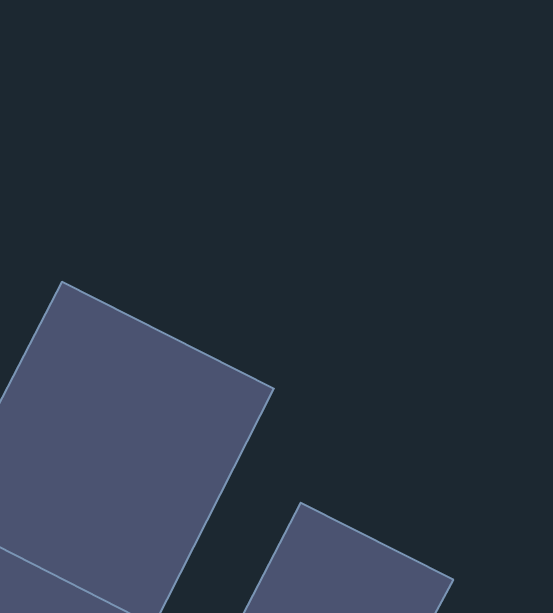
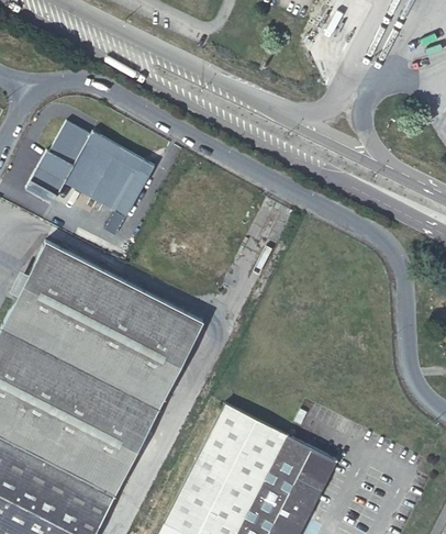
building: none -> [26,122,155,238]

